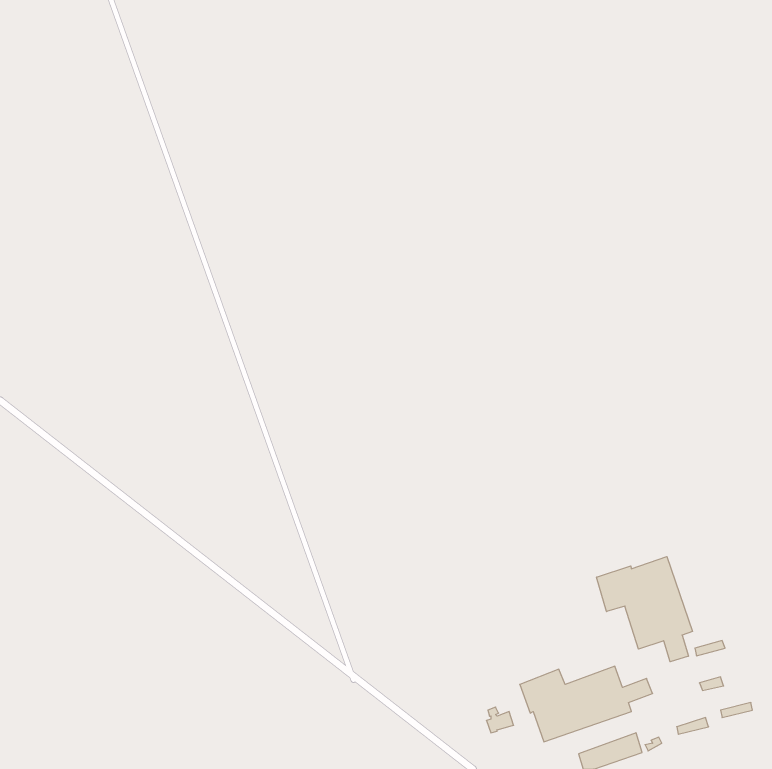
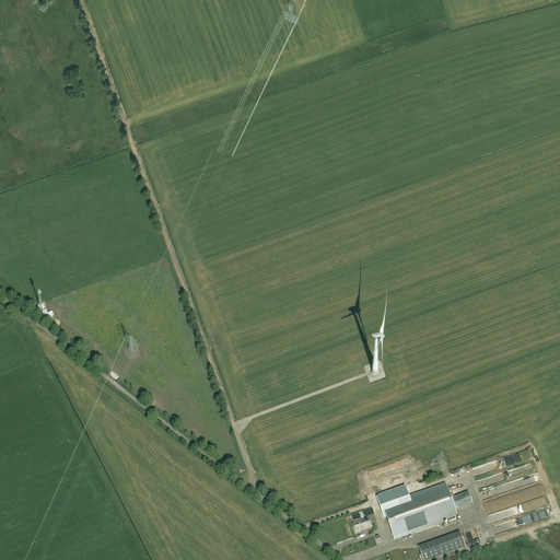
building: [597,557,693,662] -> none

